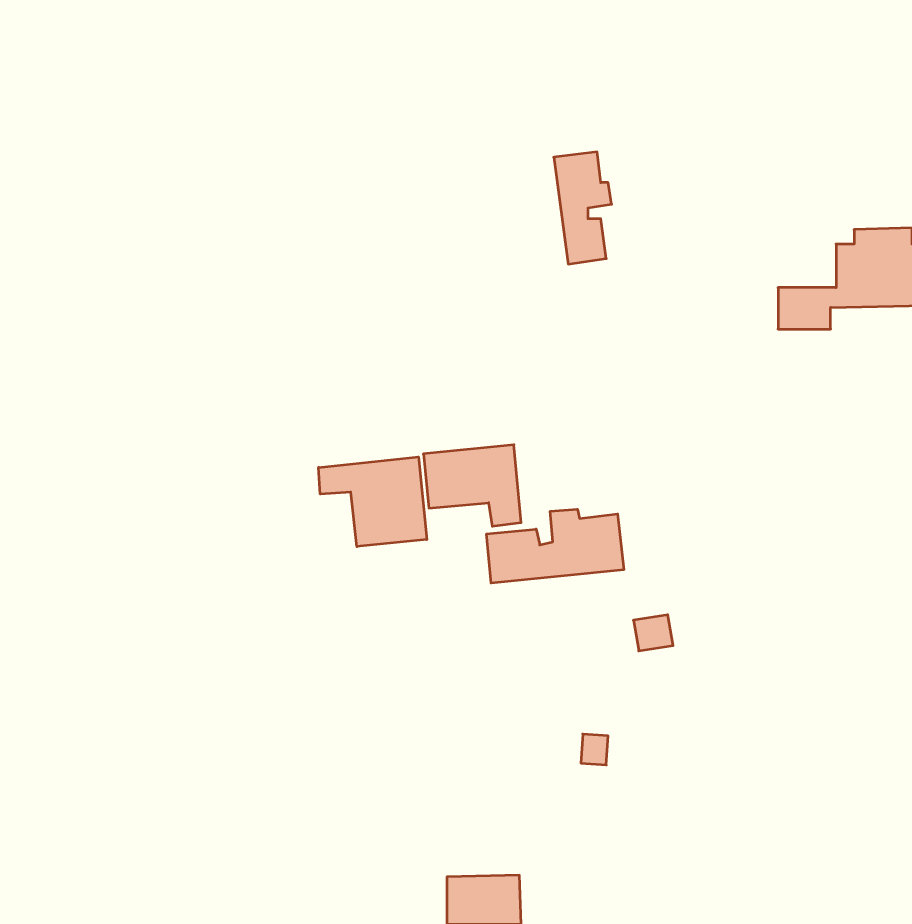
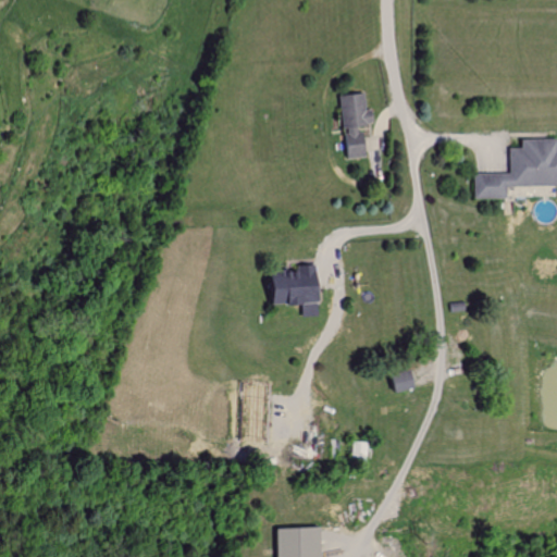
building: [319,457,427,547] -> none
building: [487,509,624,583] -> none

